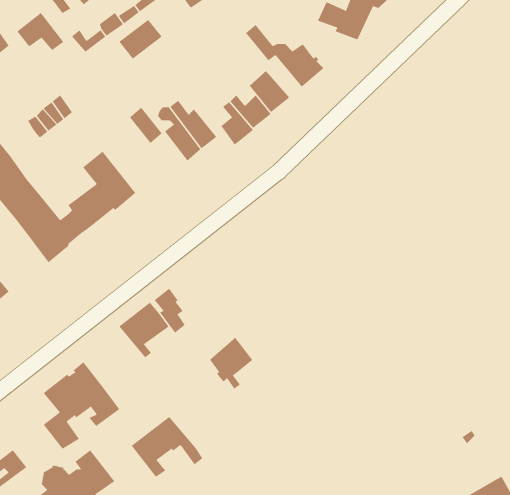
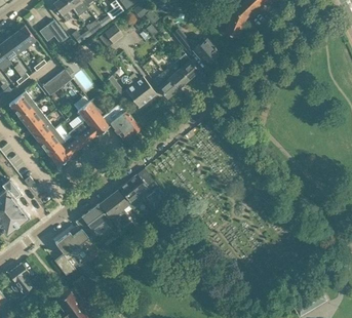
building: none -> [105,104,140,140]
building: [209,337,253,390] -> [128,168,154,199]
building: [131,416,203,478] -> [76,204,118,240]

